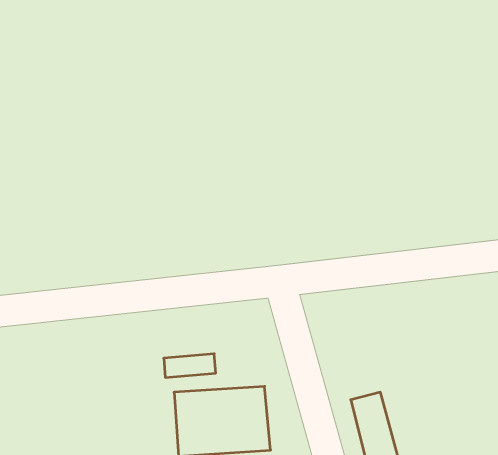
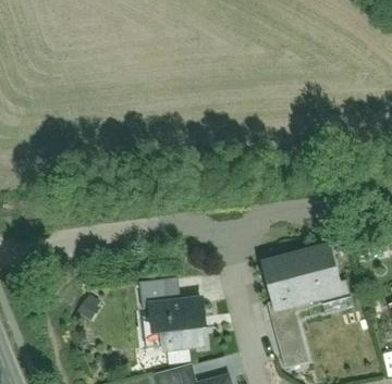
building: none -> [260,249,342,308]

